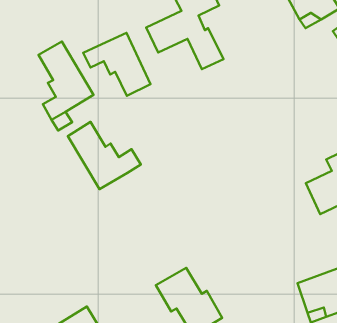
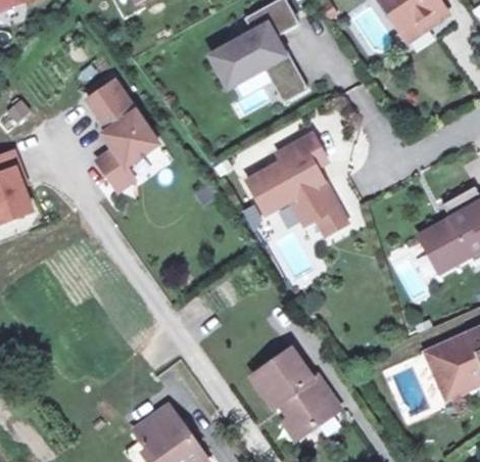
building: [83,33,150,96] -> none
building: none -> [251,133,351,233]
building: [68,122,141,189] -> none

